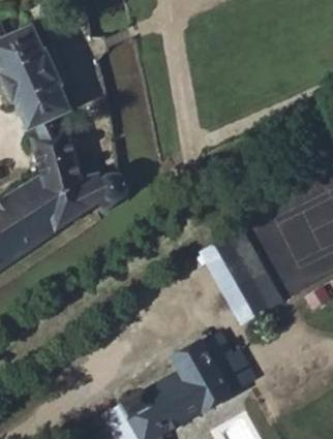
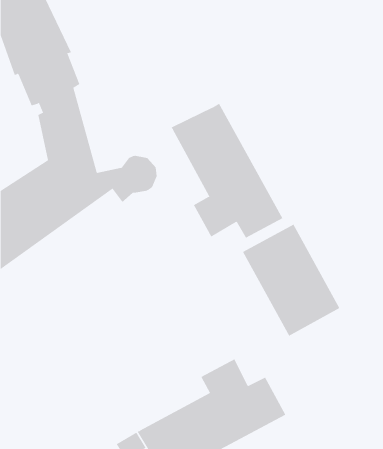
building: none -> [171,103,283,238]

